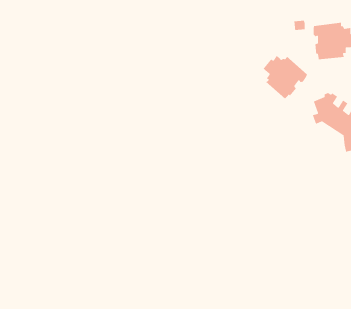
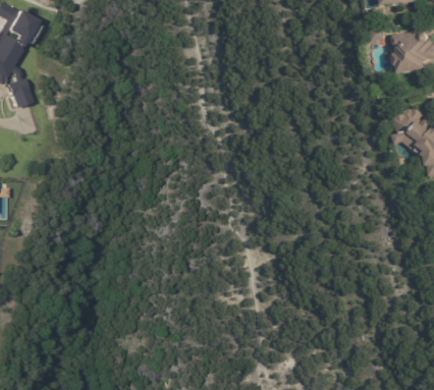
building: [263,55,308,99] -> none

